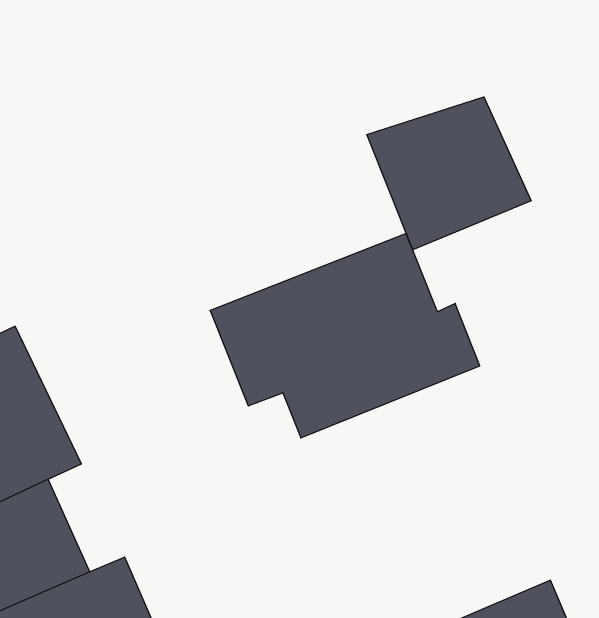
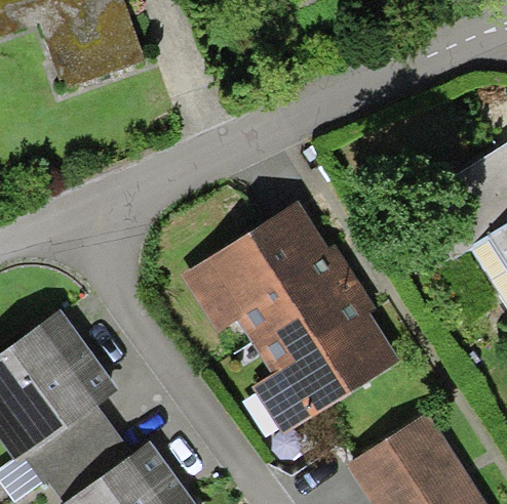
building: [367,97,531,250] -> none
building: none -> [251,283,394,434]

